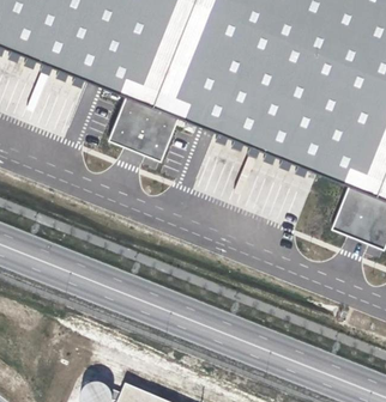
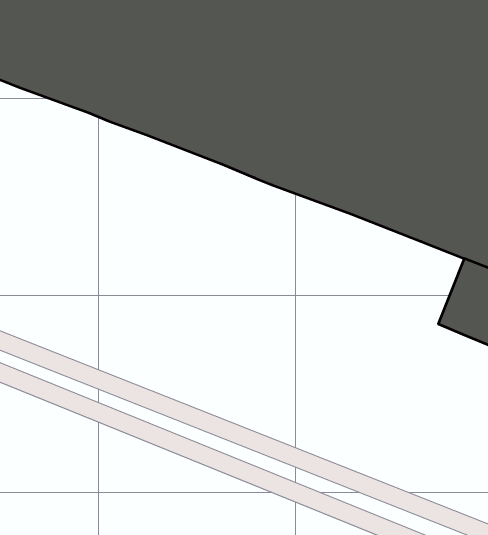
building: [110,98,181,165] -> none

